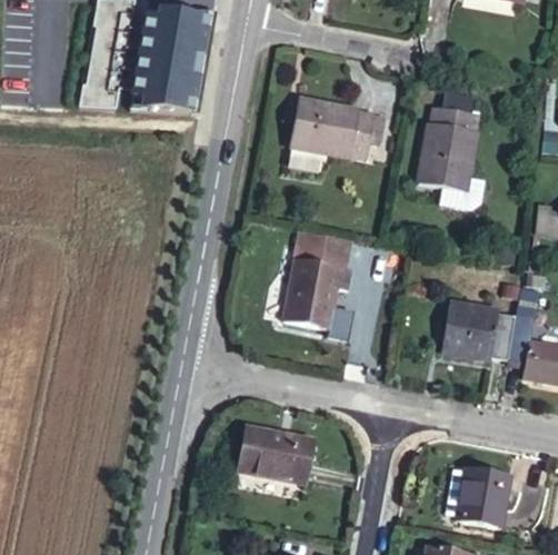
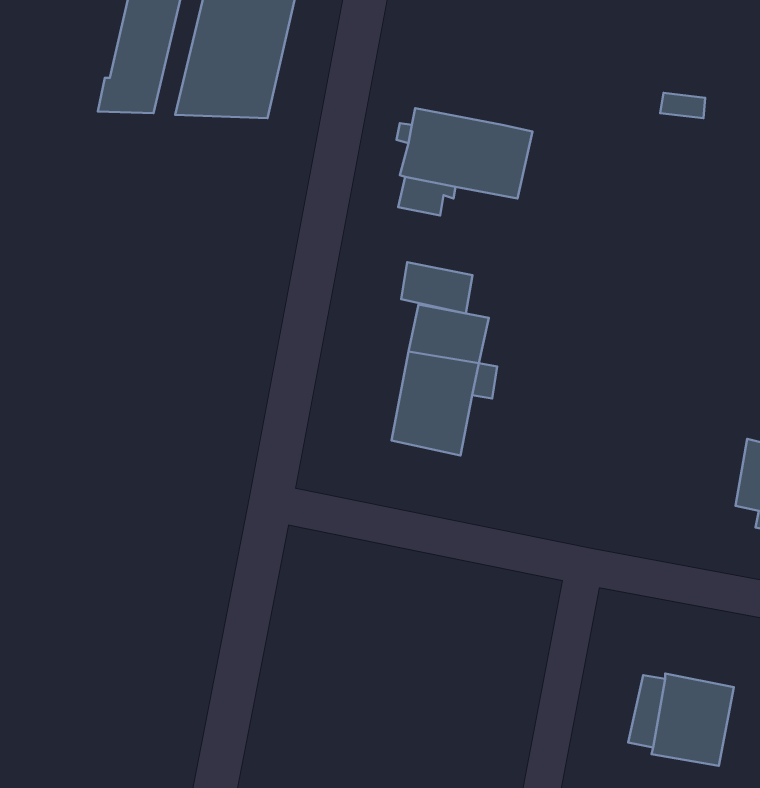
building: [413,105,479,191] -> none
building: none -> [401,262,472,313]
building: [437,299,515,363] -> none
building: [225,427,305,487] -> none

